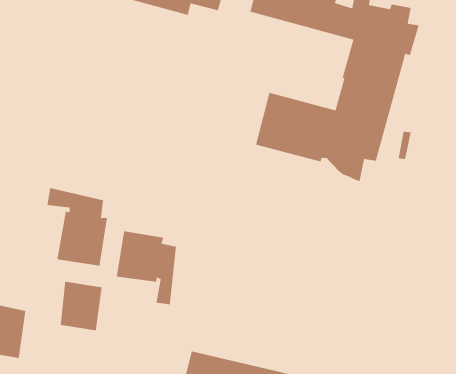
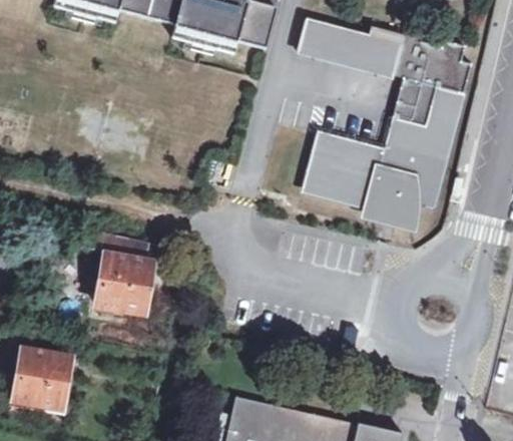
building: [116,231,176,305] -> none
building: [60,281,102,331] -> none

